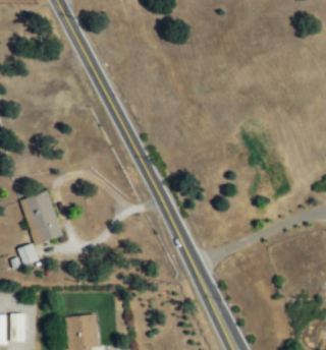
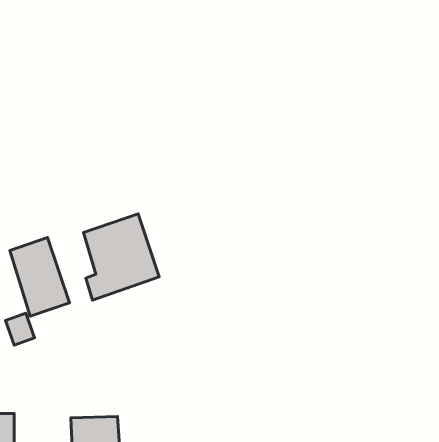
building: none -> [83,214,159,300]

